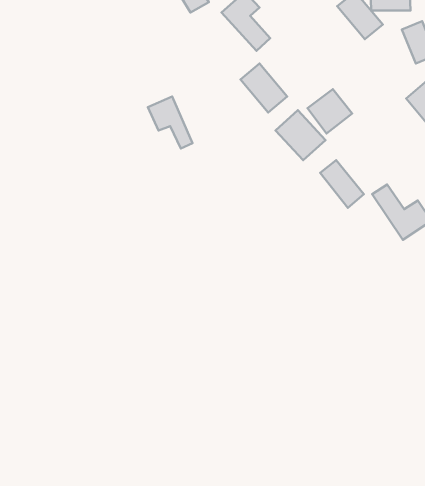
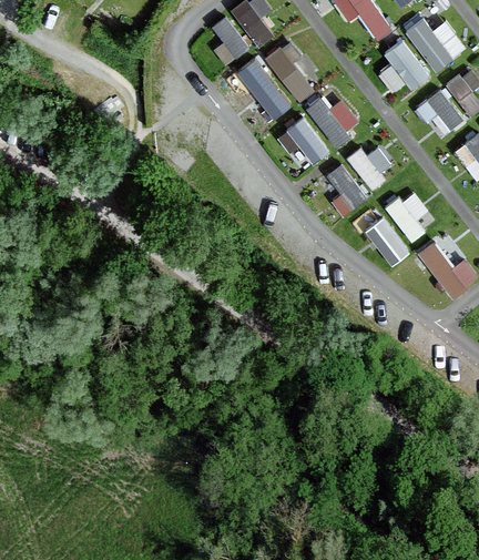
building: none -> [415,89,465,139]
building: none -> [304,98,361,144]
building: [148,97,192,149] -> [242,61,288,115]
building: none -> [386,190,434,237]

